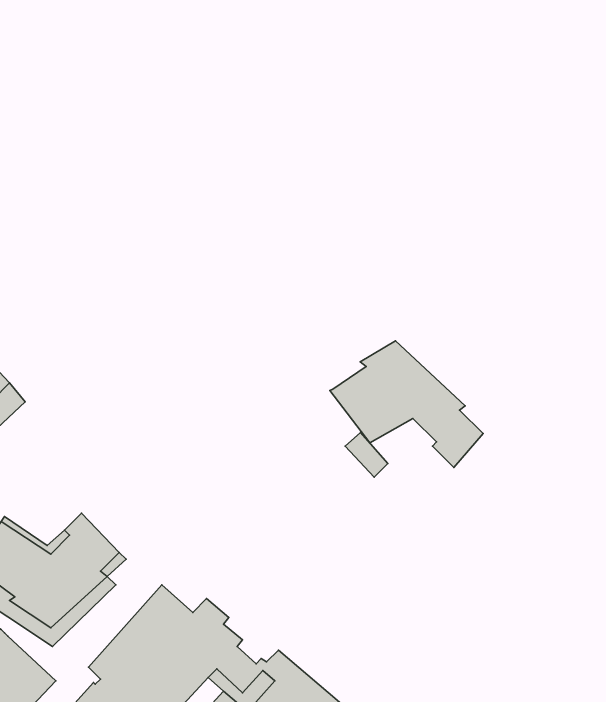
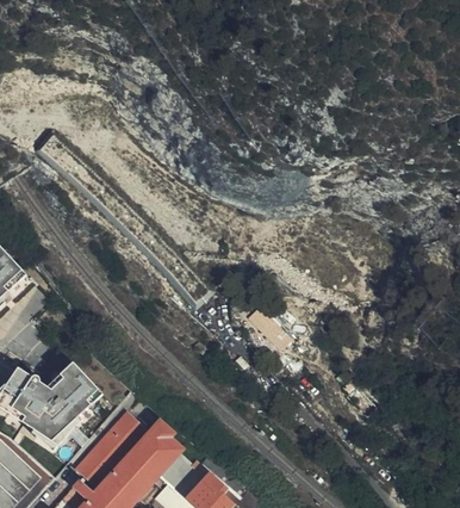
building: [330,341,483,468] -> none

